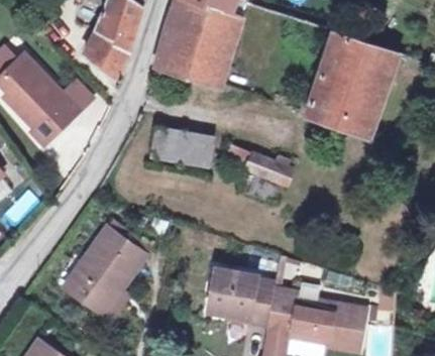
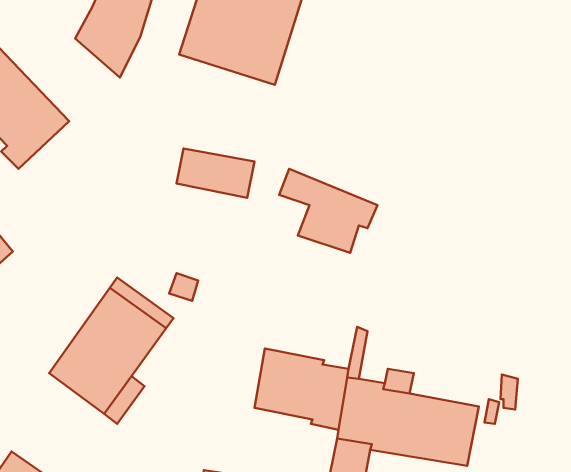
building: [306,32,398,135] -> none

